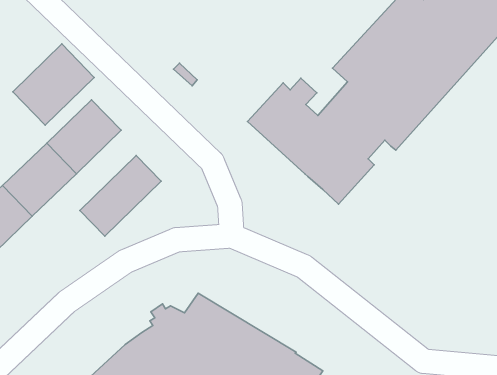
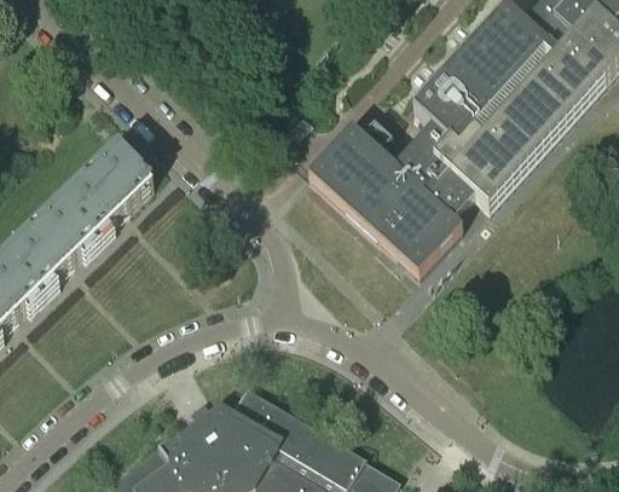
building: [13,44,94,125] -> none
building: [80,155,161,236] -> none

